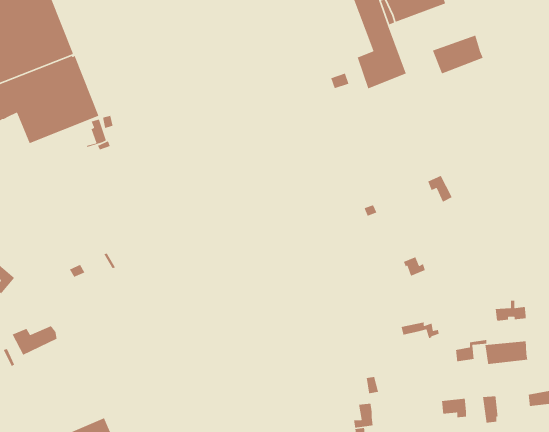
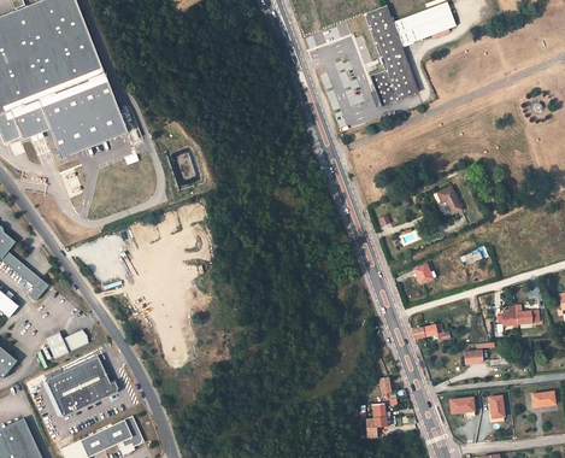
building: [432,34,484,74] -> none
building: [485,340,528,365] -> none
building: none -> [46,356,118,417]

